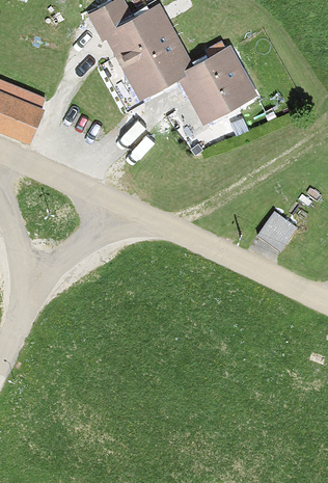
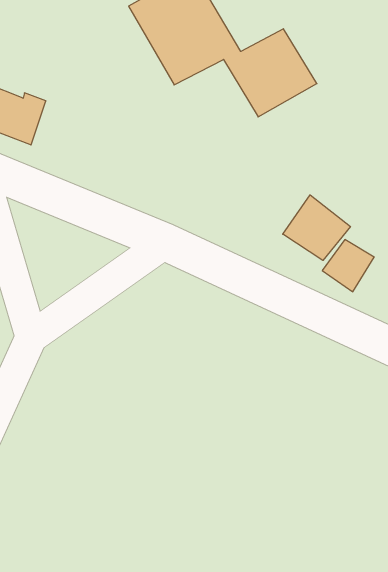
building: none -> [283,195,350,260]

